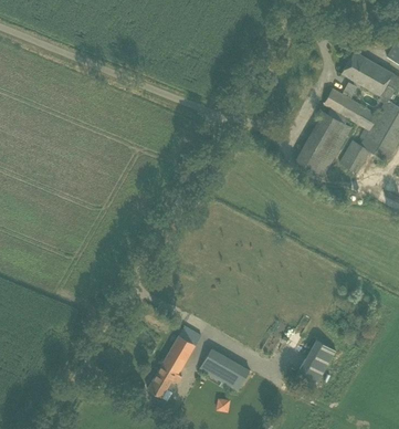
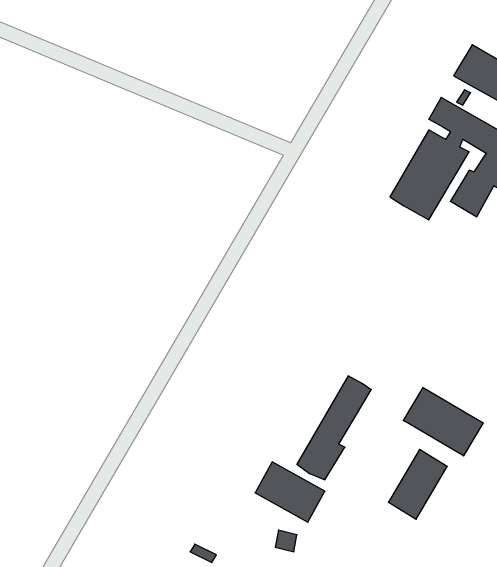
building: none -> [403,387,483,456]
building: [147,325,200,399] -> [297,376,371,480]

